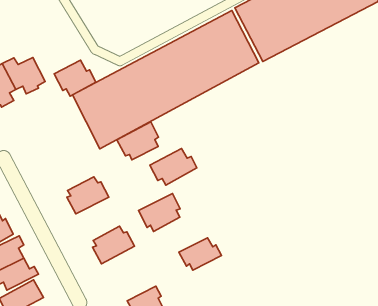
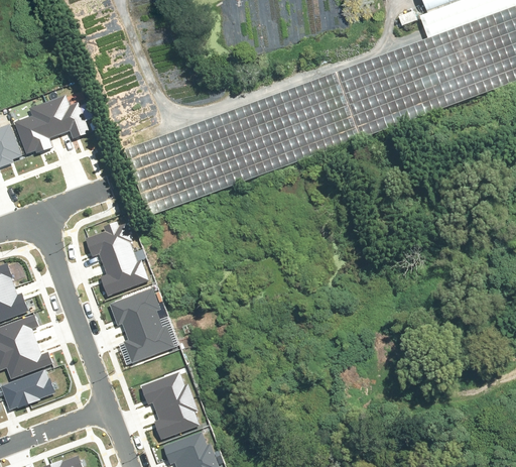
building: [54,60,96,96] -> none
building: [117,122,159,160] -> [87,221,138,264]
building: [150,148,197,185] -> none
building: [138,193,180,231] -> [110,286,161,330]
building: [179,238,221,270] -> [142,372,194,410]

